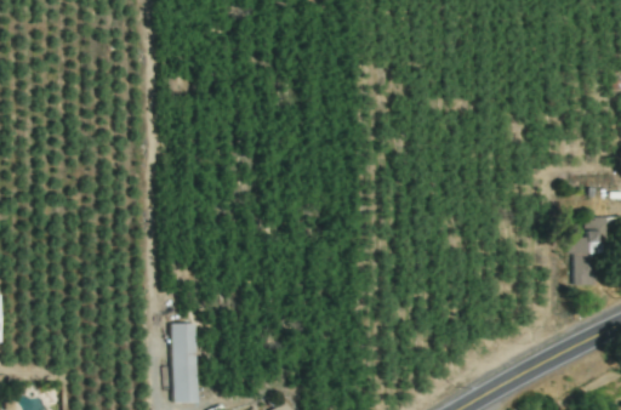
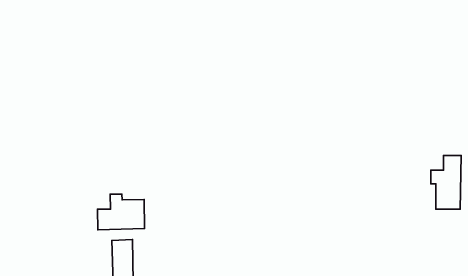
building: none -> [98,194,145,230]

